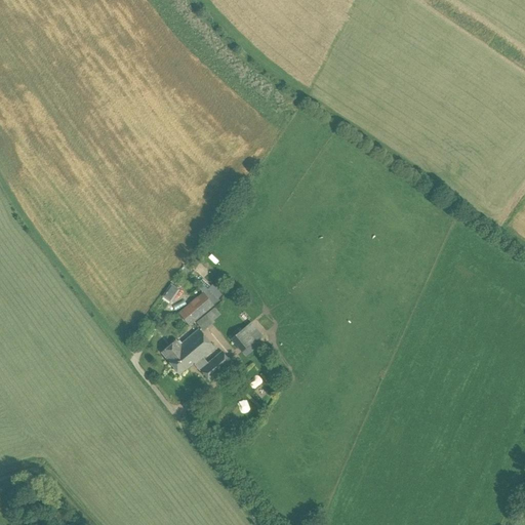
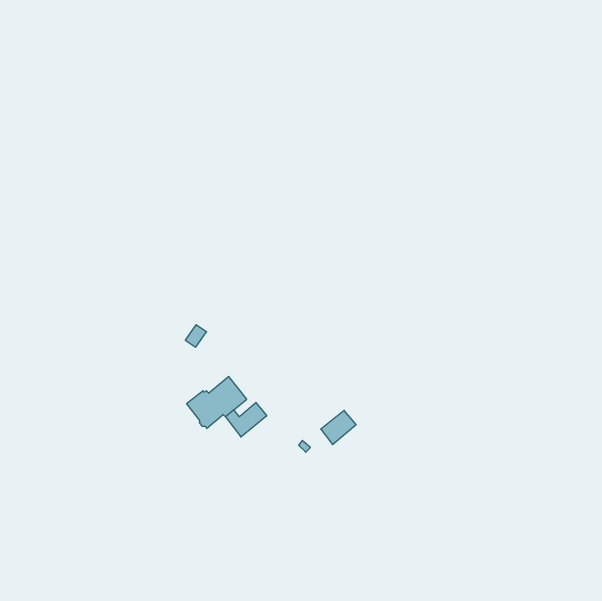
building: [179,287,220,324] -> none
building: [232,321,262,351] -> [321,410,356,445]

